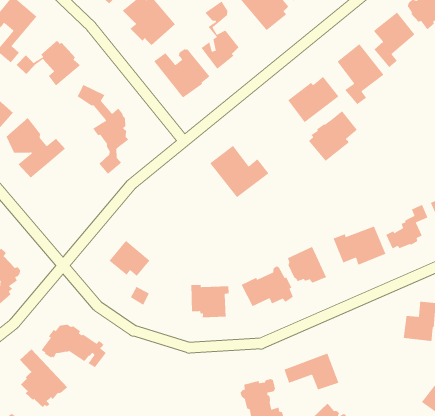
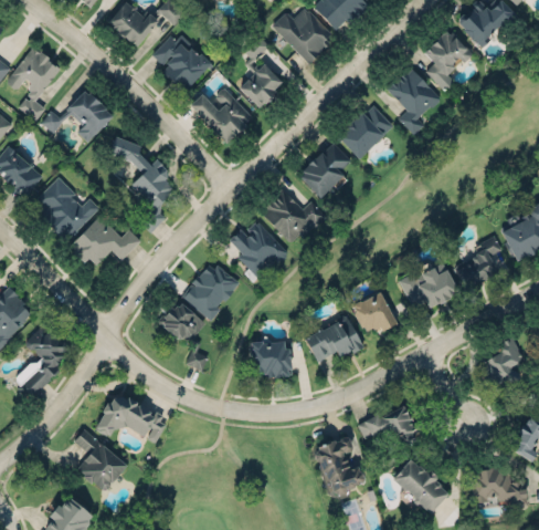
building: [308,110,358,162] -> [299,141,352,198]
building: none -> [72,216,141,268]
building: none -> [228,221,287,279]
building: none -> [182,264,240,320]

